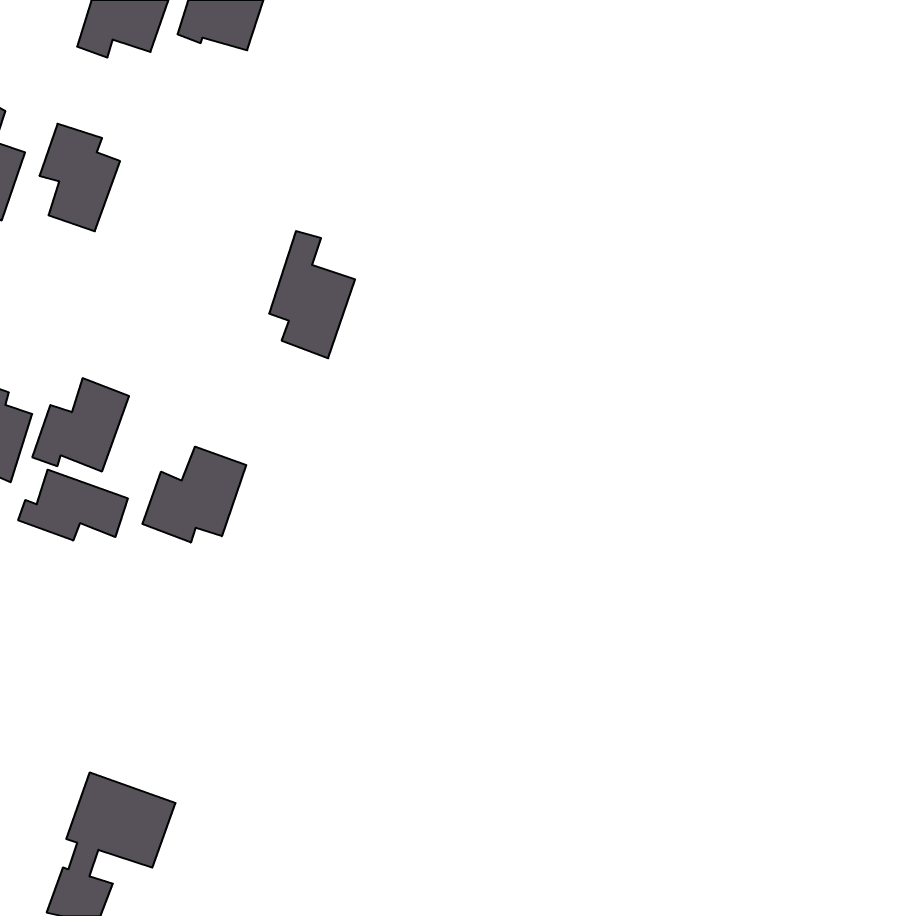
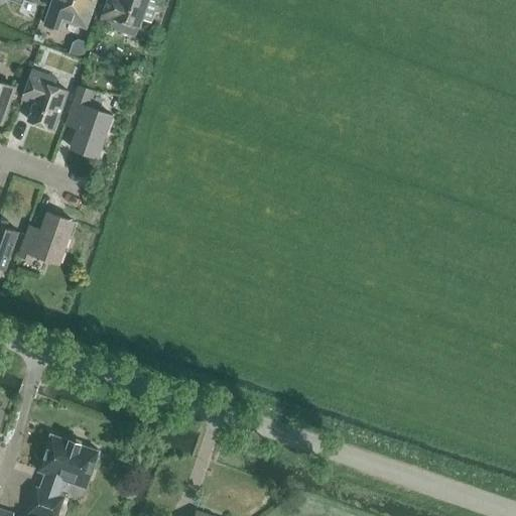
building: [269,231,355,358] -> [63,87,112,158]
building: [142,447,246,543] -> none
building: [18,470,128,541] -> none

